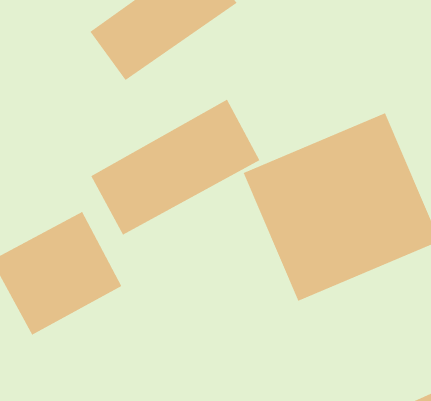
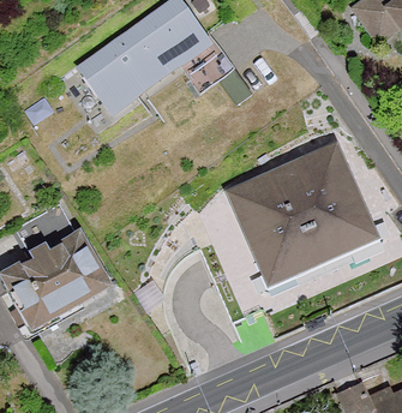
building: [91,99,260,235] -> none

